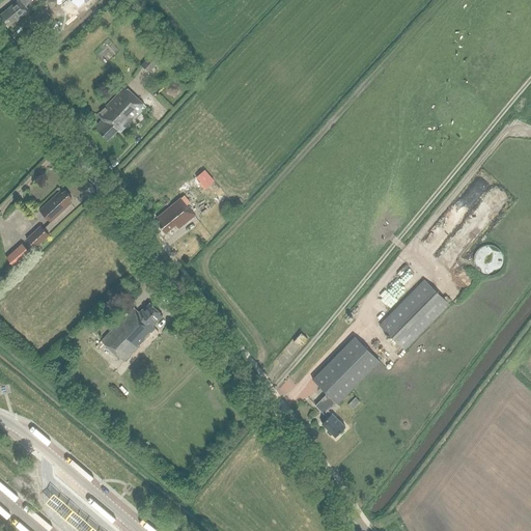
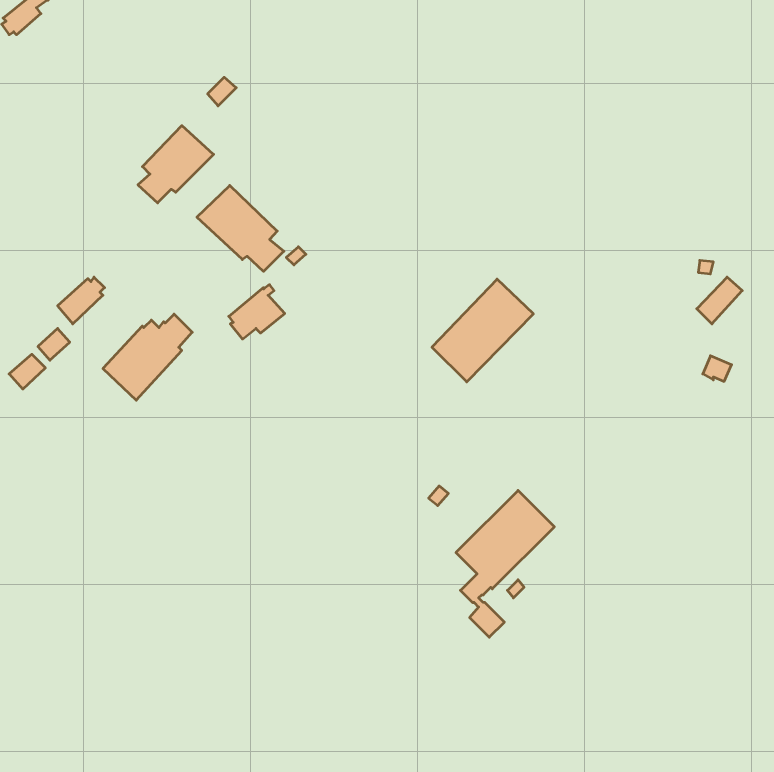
building: none -> [197,185,284,271]
building: [380,279,449,350] -> [432,279,533,382]
building: [101,303,162,362] -> [103,314,192,400]

